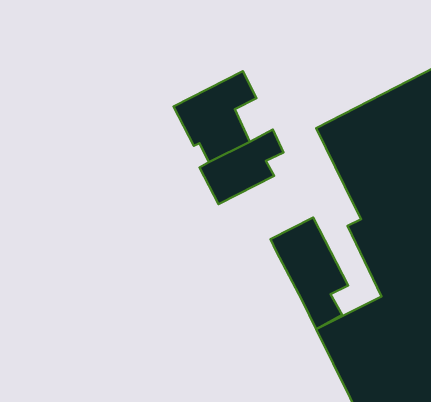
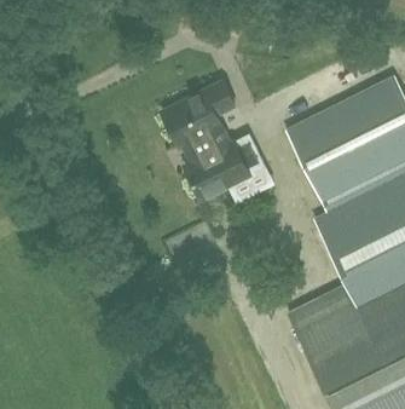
building: [271,217,348,329] -> none

